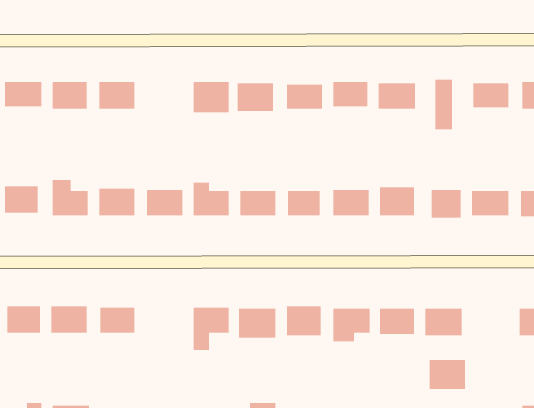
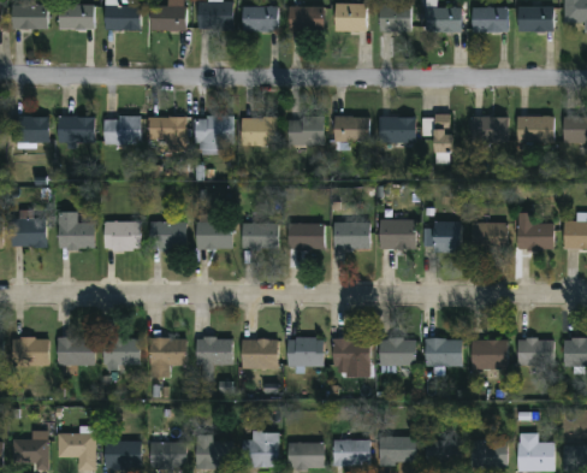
building: none -> [148,117,186,143]
building: none -> [150,337,188,376]
building: [429,359,466,390] -> [472,338,508,368]

